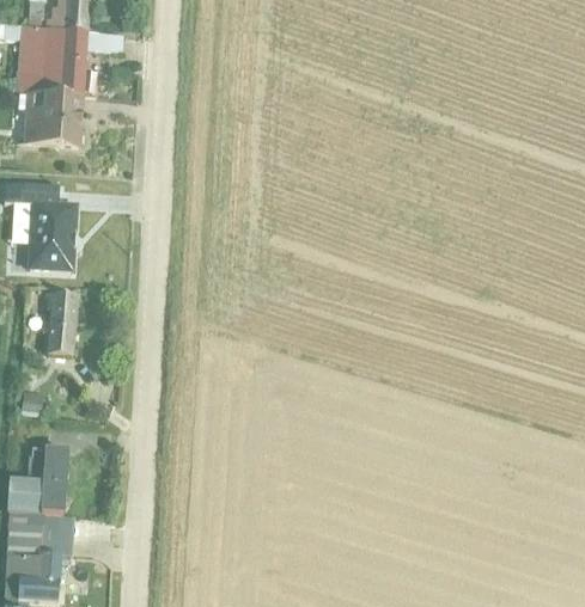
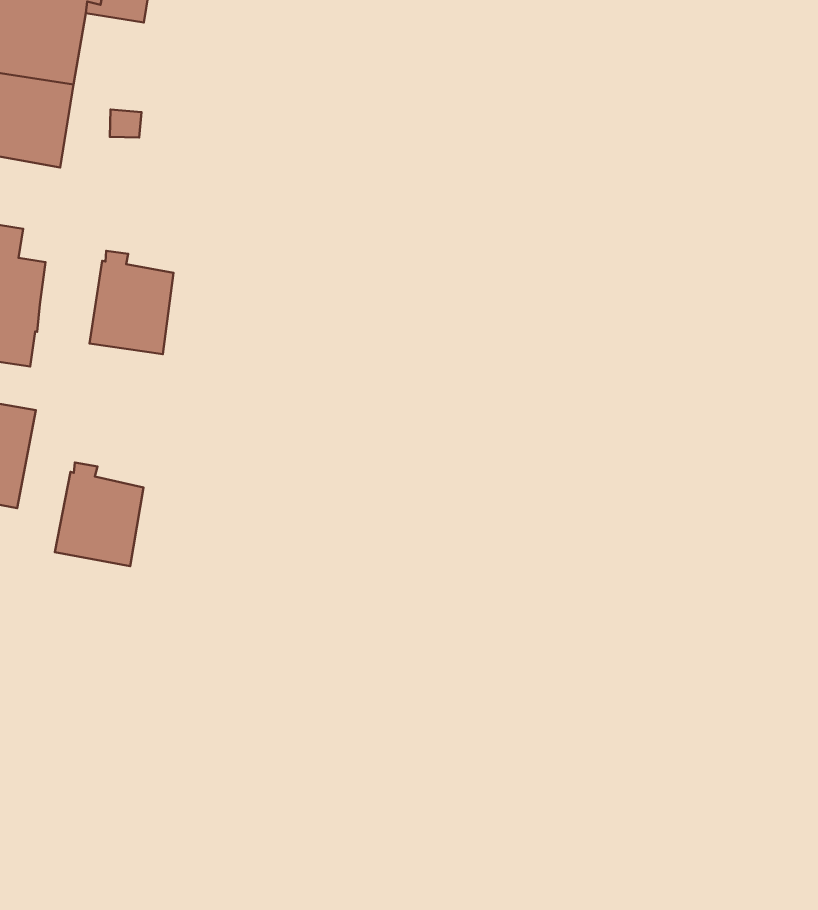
building: none -> [90,251,173,354]
building: none -> [55,462,144,566]

